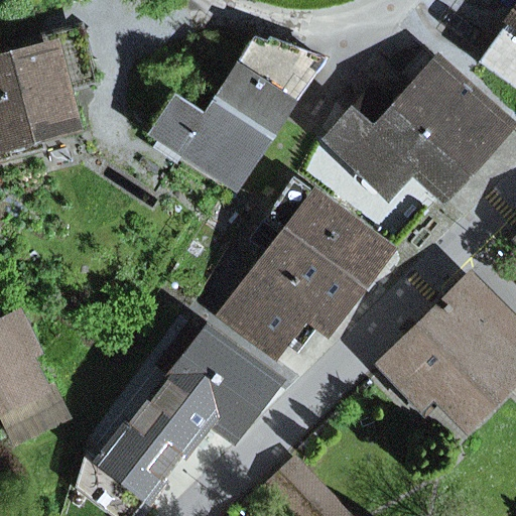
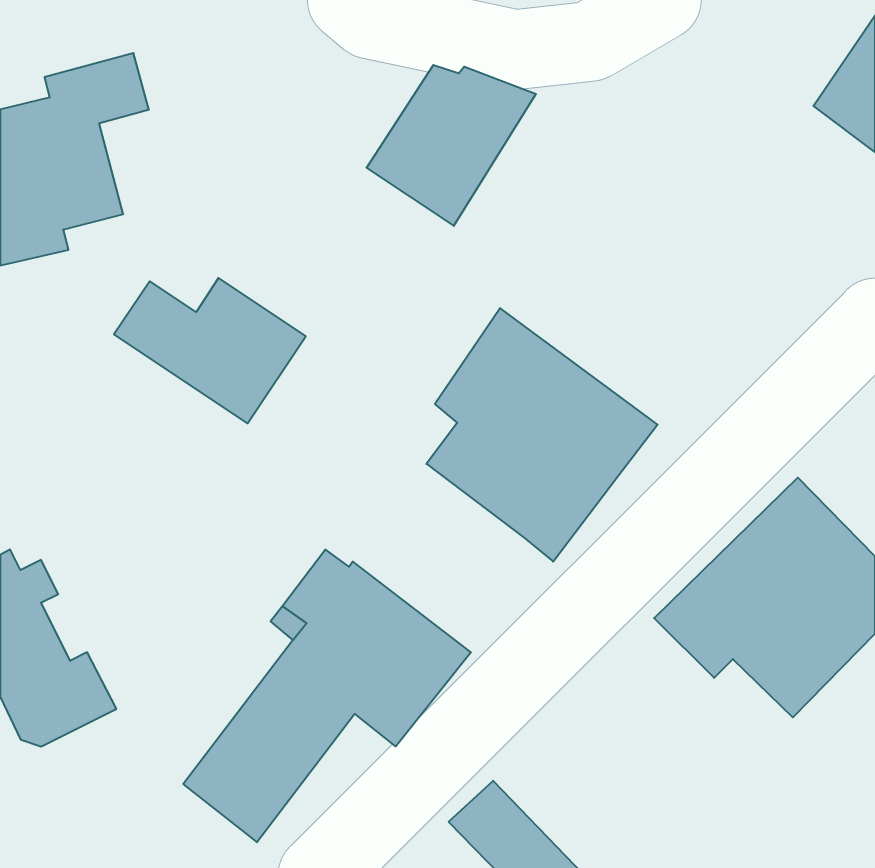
building: [328,62,508,199] -> none
building: [154,103,267,188] -> [114,278,306,423]
building: [219,277,308,363] -> none

